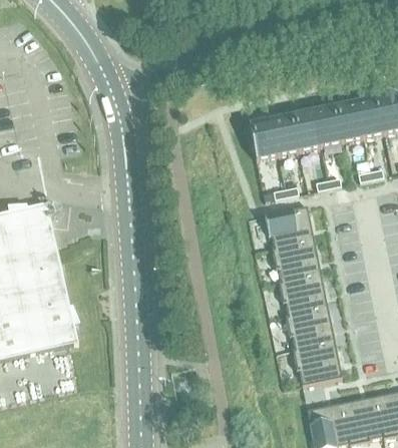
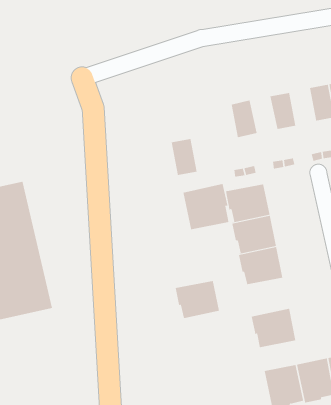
building: [335,101,363,142] -> none
building: [292,110,321,150] -> none
building: [249,119,278,159] -> [171,139,197,175]
building: none -> [183,183,231,230]
building: [286,308,335,350] -> [175,280,220,319]

